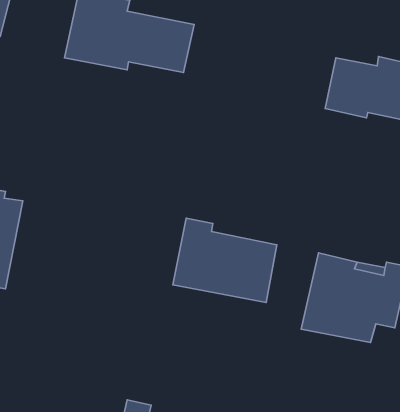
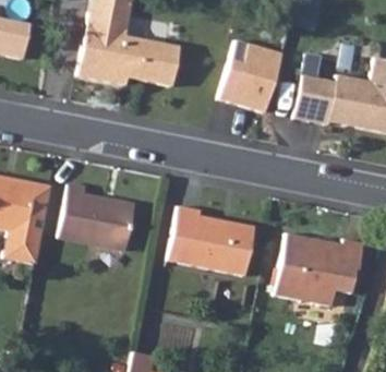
building: none -> [215,40,277,107]
building: none -> [59,184,136,250]

